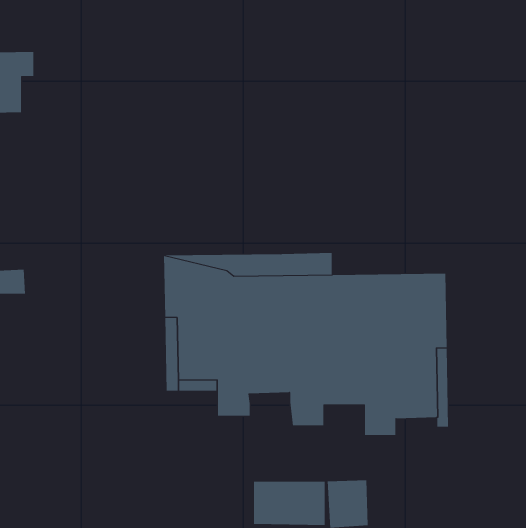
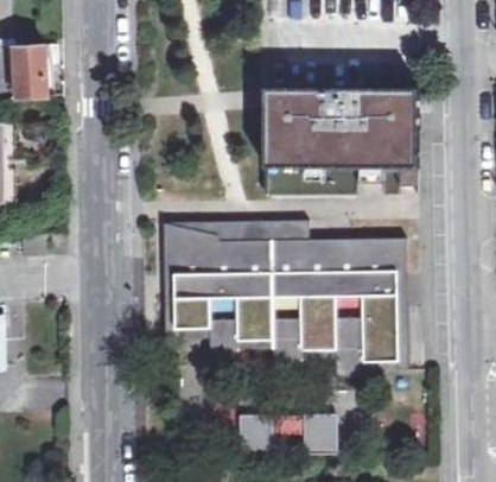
building: none -> [263,85,419,183]

